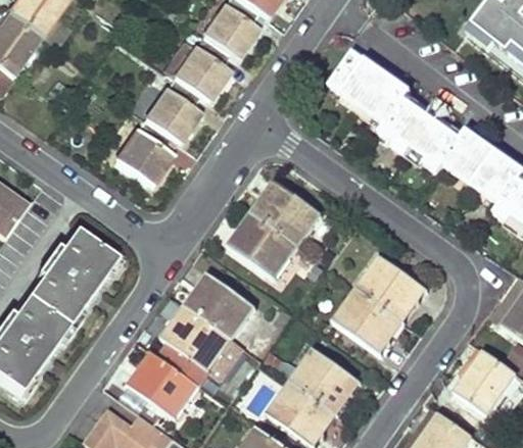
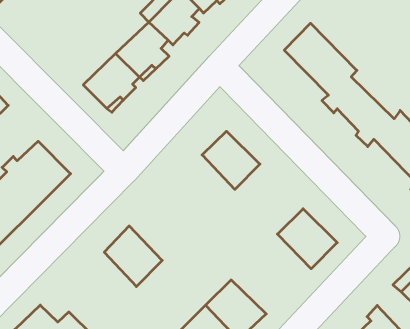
building: [235,215,300,279] -> none
building: [191,277,256,339] -> none
building: [334,288,399,350] -> none
building: [215,346,256,390] -> none
building: [135,354,201,418] -> none

